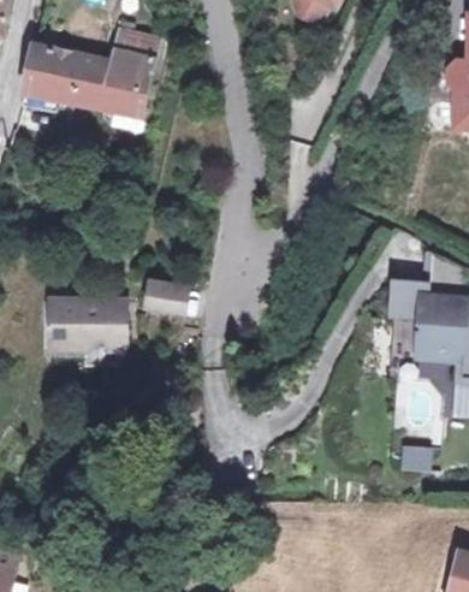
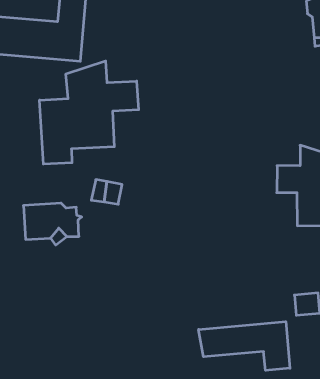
building: none -> [40,61,139,164]
building: none -> [199,322,290,370]

